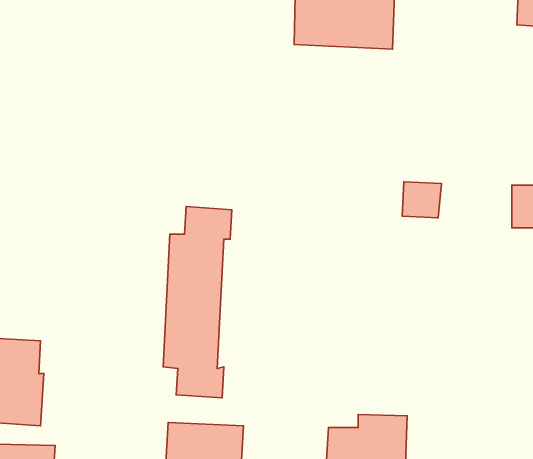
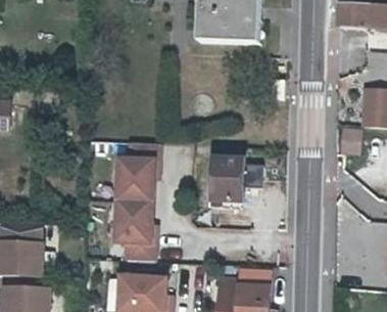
building: none -> [210,158,241,200]

